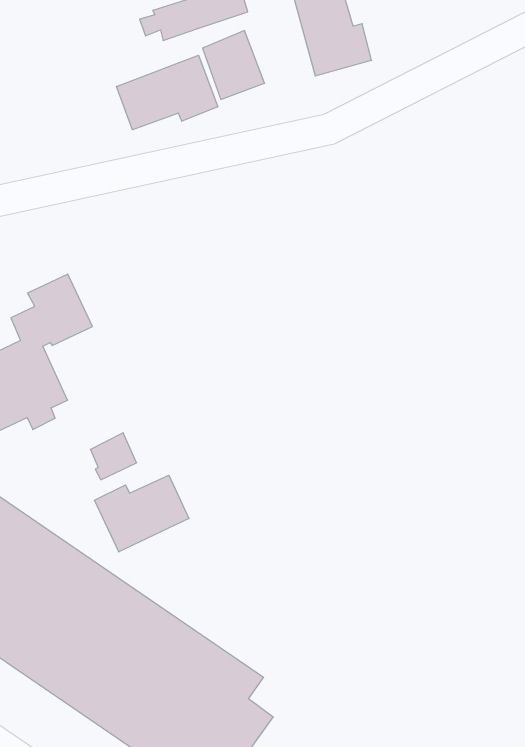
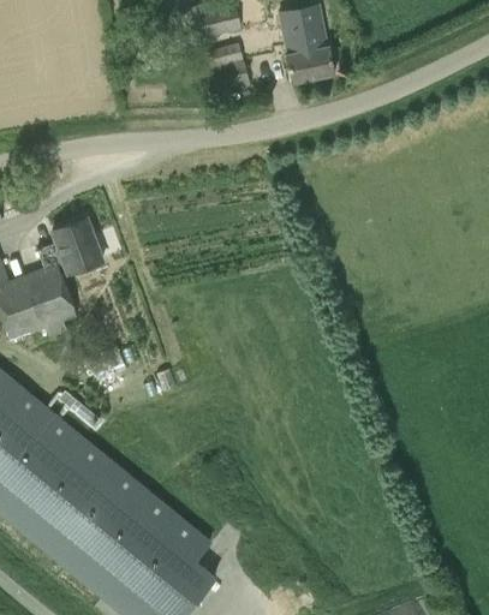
building: [117,55,218,130] -> none
building: [95,475,189,552] -> none

